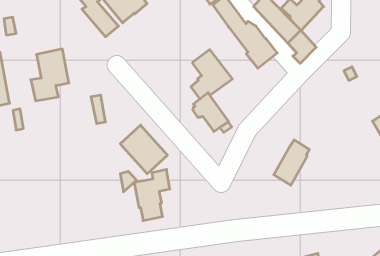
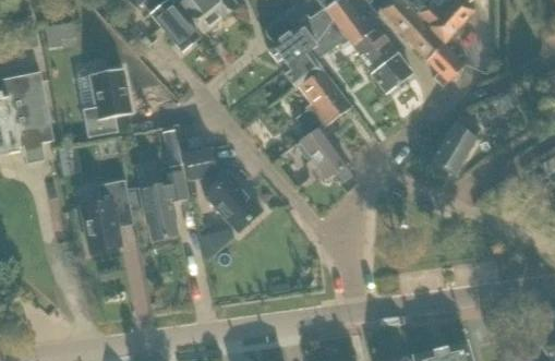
building: none -> [265,8,346,86]
building: none -> [184,147,217,180]
building: none -> [81,180,131,252]
building: [274,140,309,185] -> [432,115,480,176]
building: [134,169,170,221] -> [140,171,188,240]

